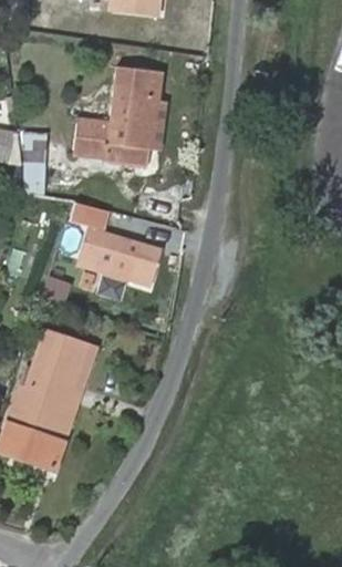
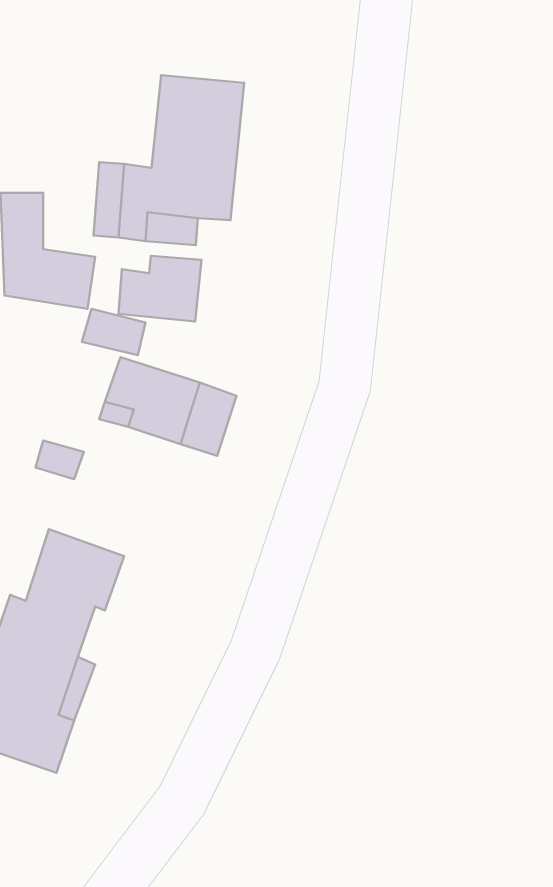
building: none -> [119,256,202,322]

